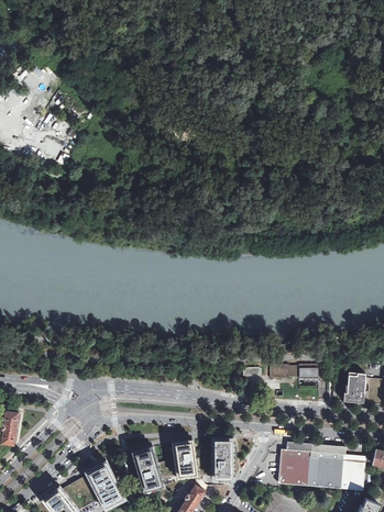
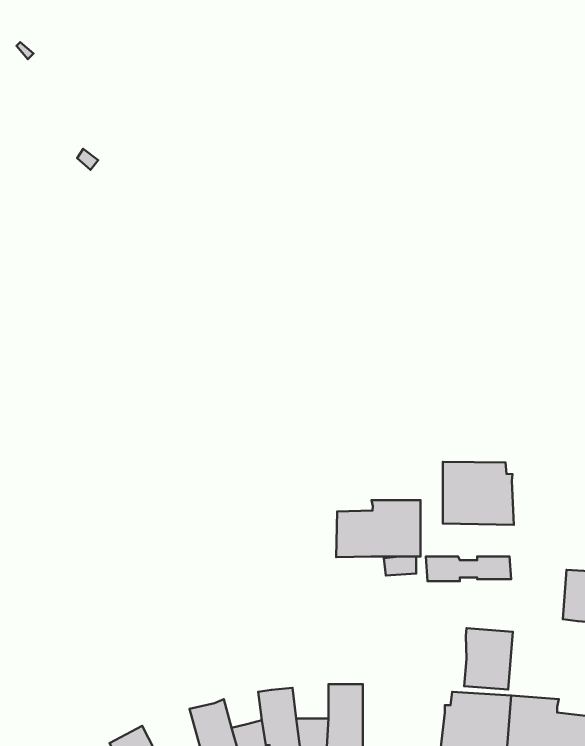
building: none -> [443,462,514,525]
building: none -> [336,500,420,557]
building: none -> [464,628,513,690]

